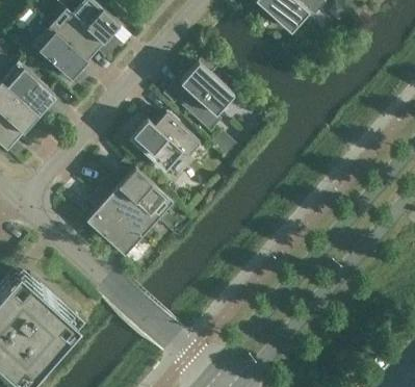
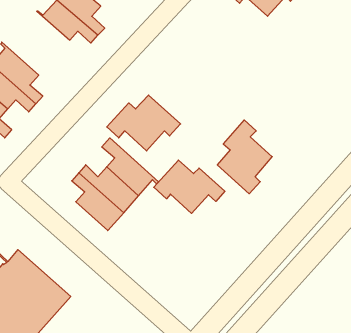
building: [33,25,87,86] -> none
building: [176,54,233,131] -> [217,120,272,194]
building: none -> [154,160,225,213]

